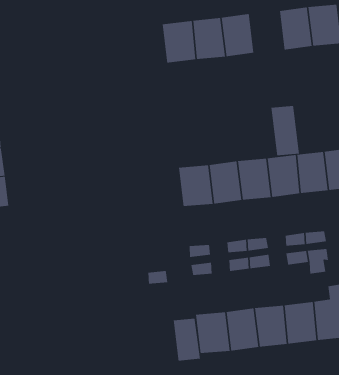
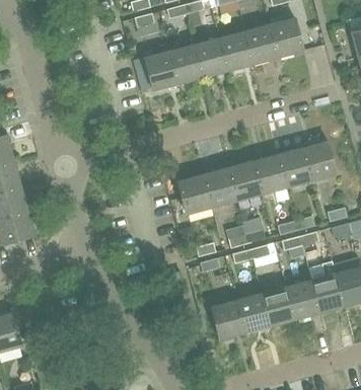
building: none -> [219,31,254,71]
building: [271,105,300,156] -> none
building: [173,318,201,362] -> none

